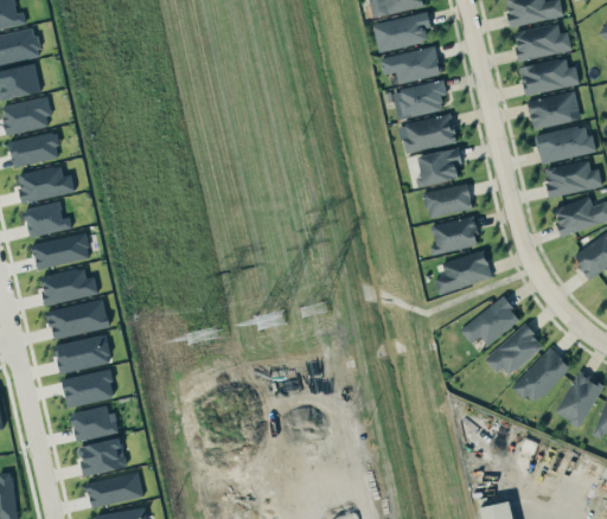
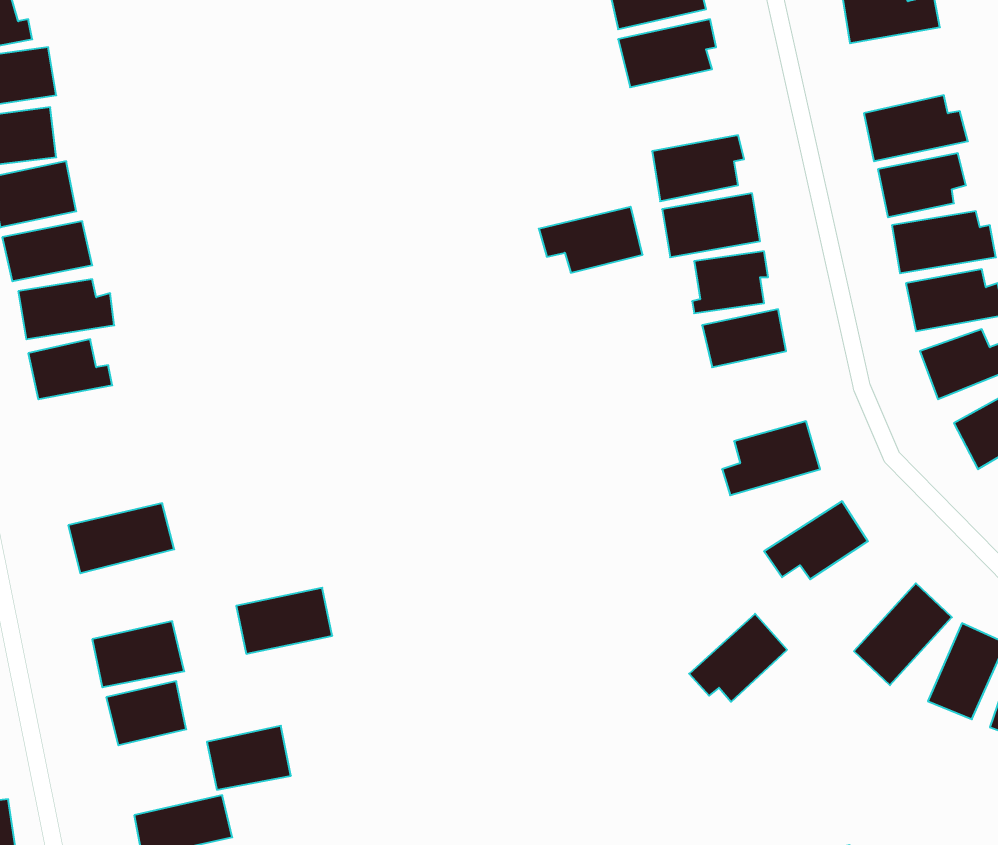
building: [513,24,573,62] -> none
building: [381,45,442,84] -> [539,207,643,273]
building: [430,217,480,254] -> none
building: [32,232,91,270] -> none
building: [41,267,98,306] -> none
building: [486,323,544,376] -> [689,614,787,702]
building: [55,334,111,373] -> [236,588,332,654]
building: [77,437,127,475] -> [207,726,291,790]

